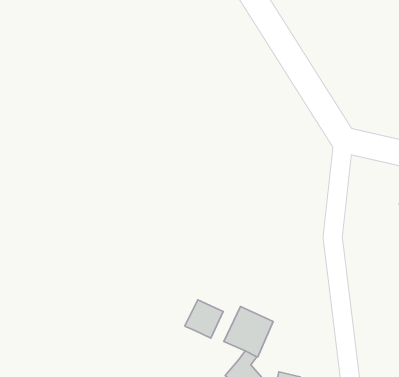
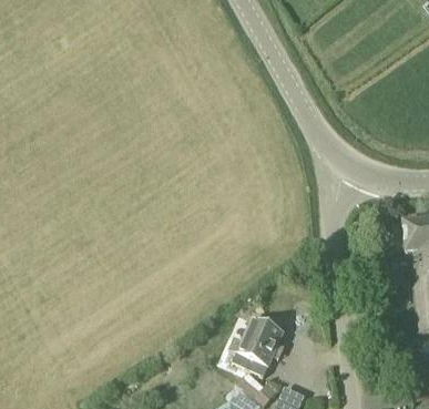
building: [185,300,223,338] -> none

